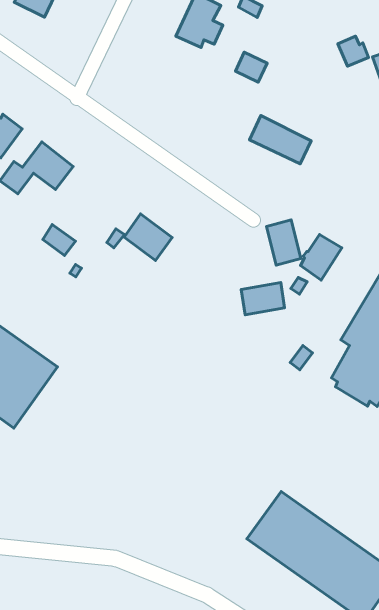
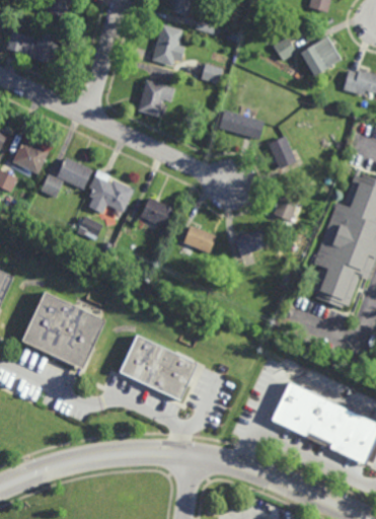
building: none -> [137,77,174,115]
building: none -> [87,169,135,215]
building: [267,220,301,265] -> [268,134,297,169]
building: none -> [182,224,215,252]
building: none -> [118,335,198,401]

